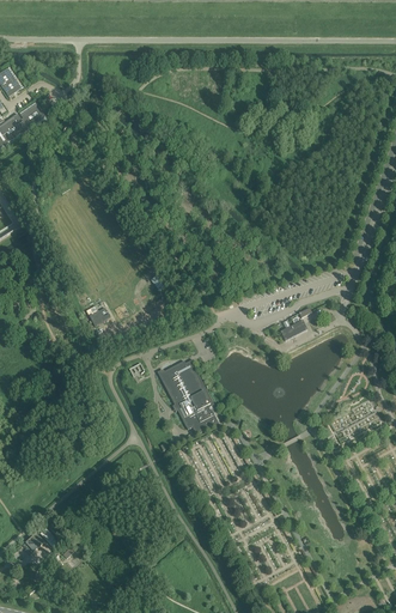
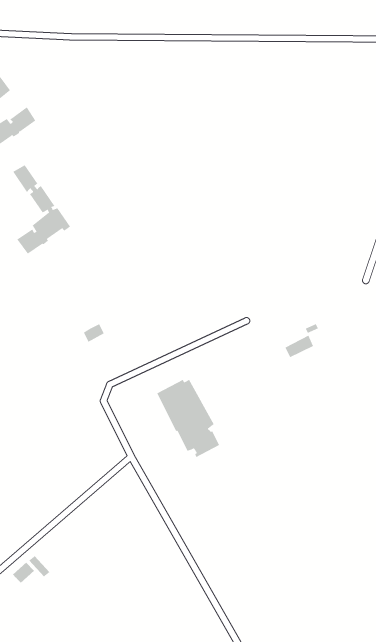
building: none -> [12,164,71,255]

